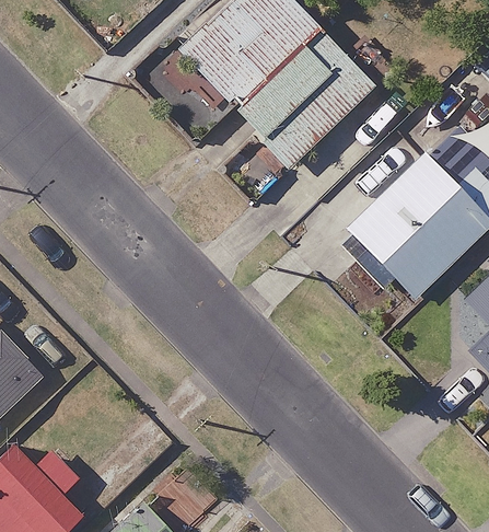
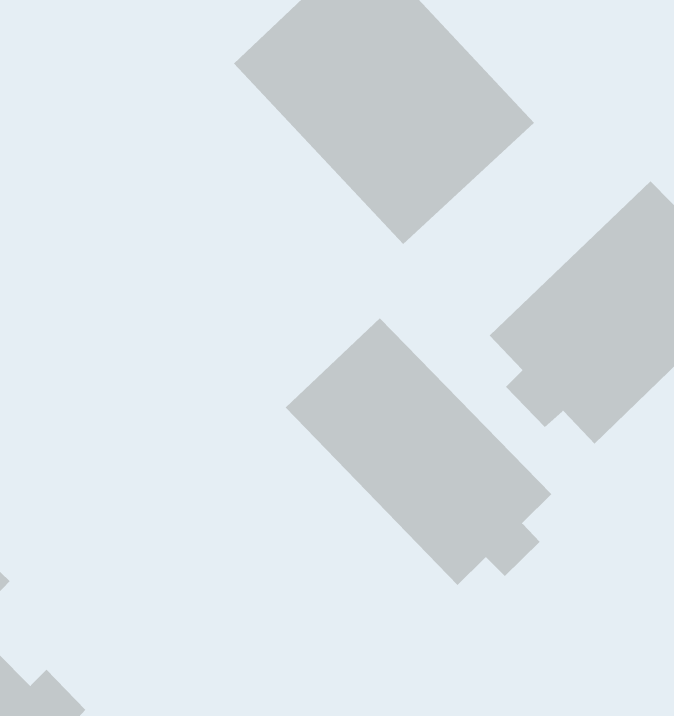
building: none -> [285,318,552,586]

